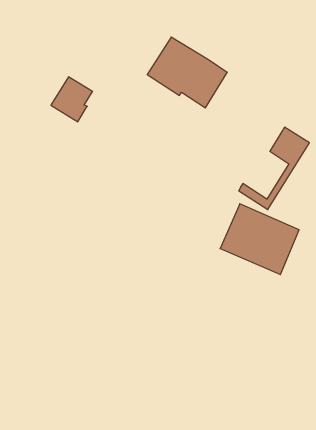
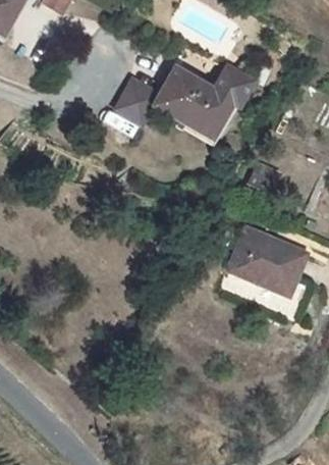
building: [51,77,93,122] -> [118,75,159,119]
building: [239,127,309,210] -> [185,63,255,144]

